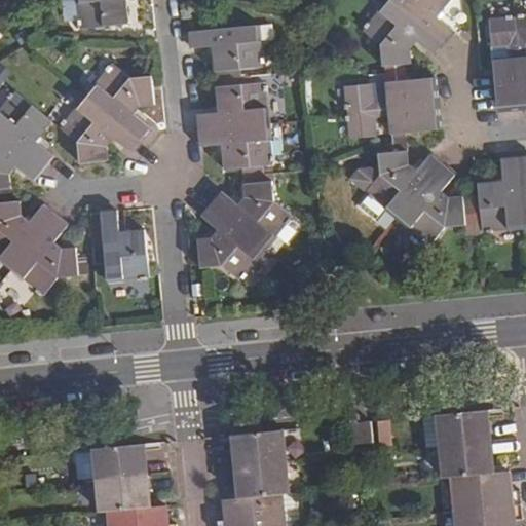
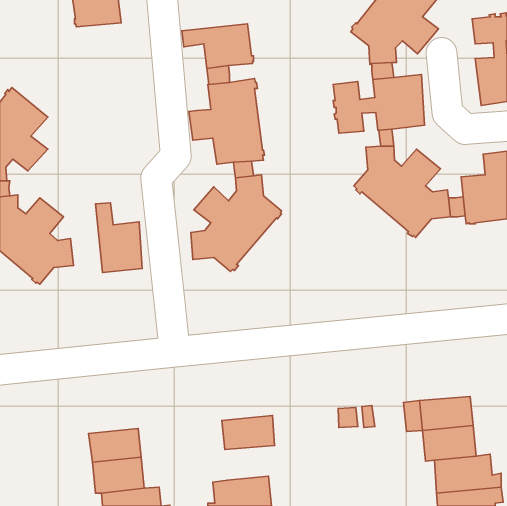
building: [59,64,154,160] -> none
building: [232,460,288,496] -> none

